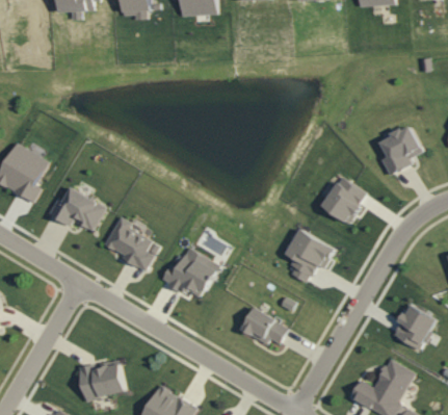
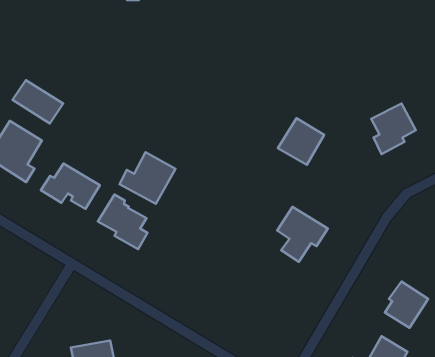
building: none -> [13,80,63,123]
building: [320,176,367,223] -> [278,118,324,165]
building: [161,247,217,299] -> [120,152,175,204]
building: [239,307,288,343] -> none

